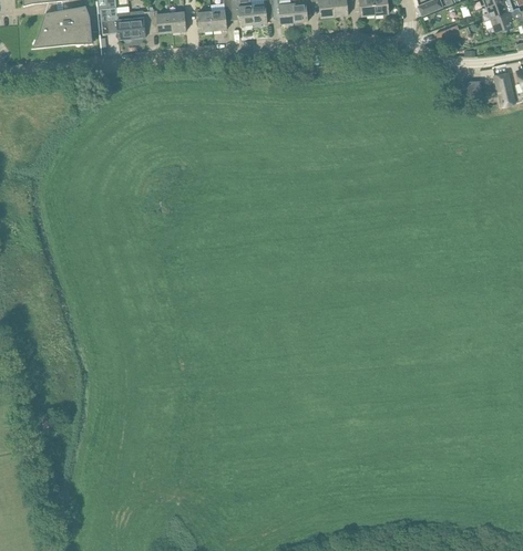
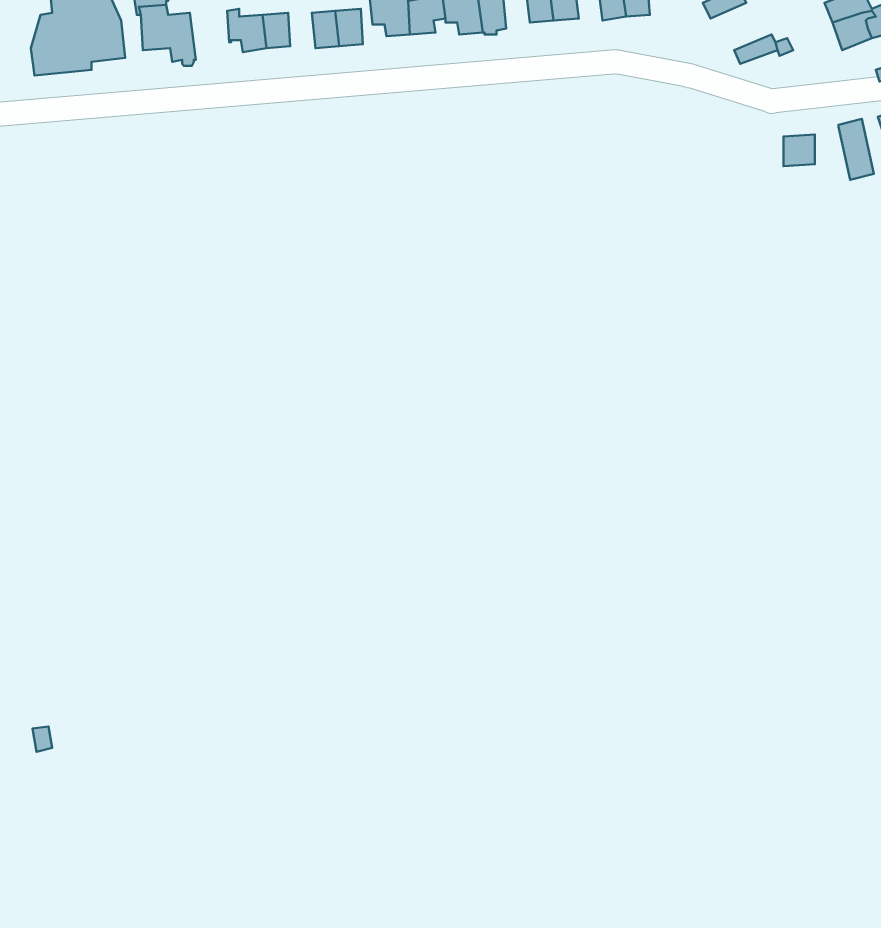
building: [129,9,151,38] -> none

